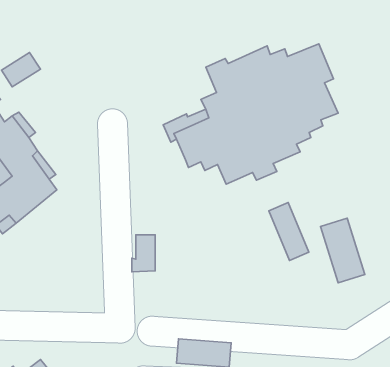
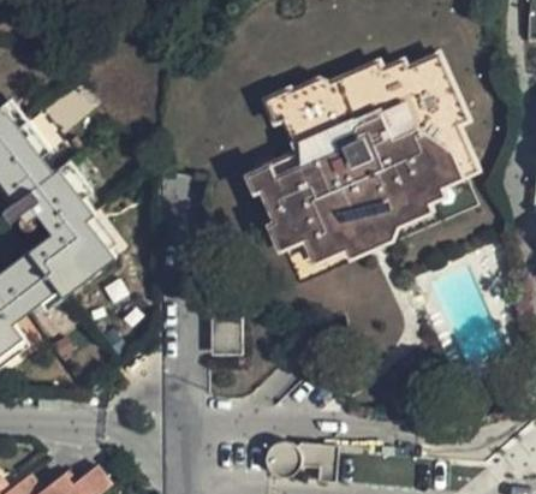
building: none -> [267,55,480,267]
building: [269,203,309,261] -> none
building: [320,218,365,283] -> none

